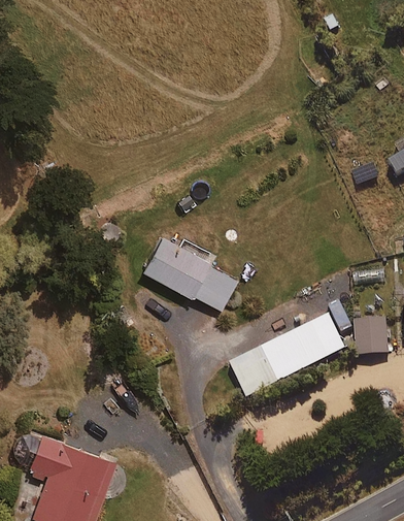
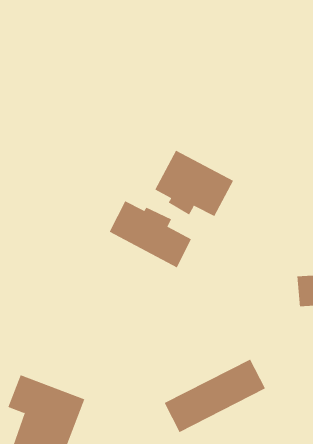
building: none -> [154,150,234,217]
building: [229,313,345,397] -> [164,359,266,433]

